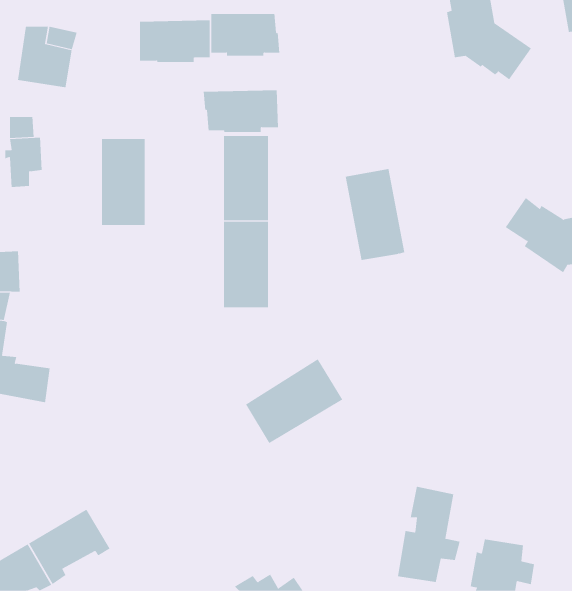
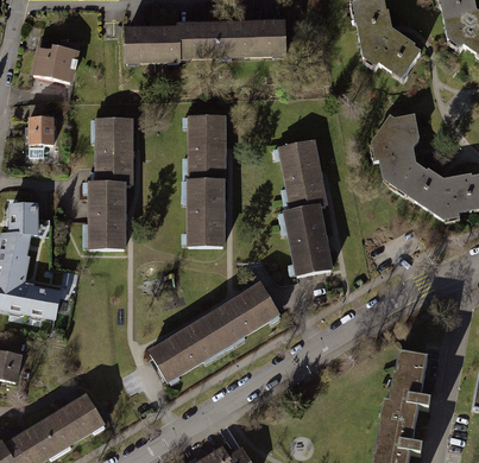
building: [203,90,279,132] -> [227,24,284,56]
building: none -> [371,114,418,185]
building: none -> [88,184,122,248]
building: none -> [284,205,332,275]
building: none -> [150,318,222,381]
building: [397,486,460,583] -> [384,351,431,424]

